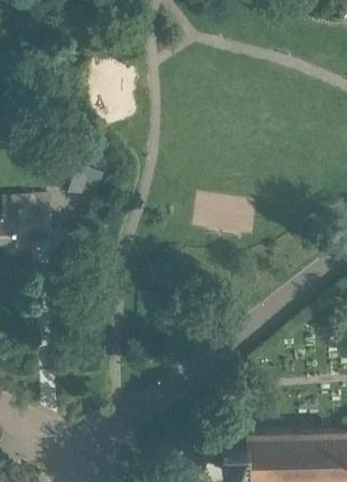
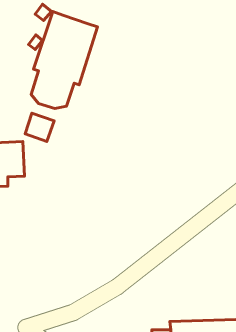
building: none -> [31,11,97,109]

